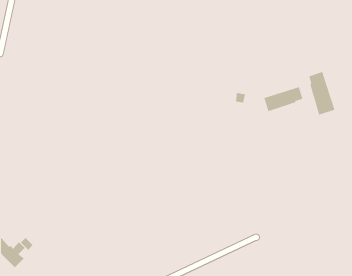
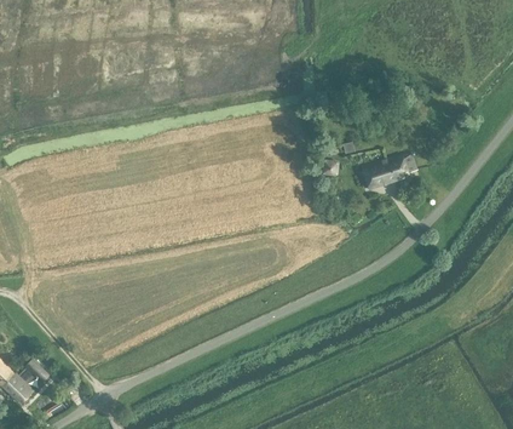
building: [309,71,335,115] -> none

